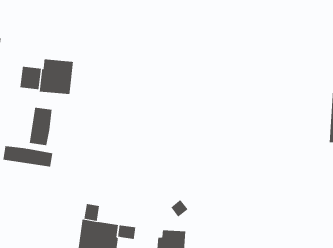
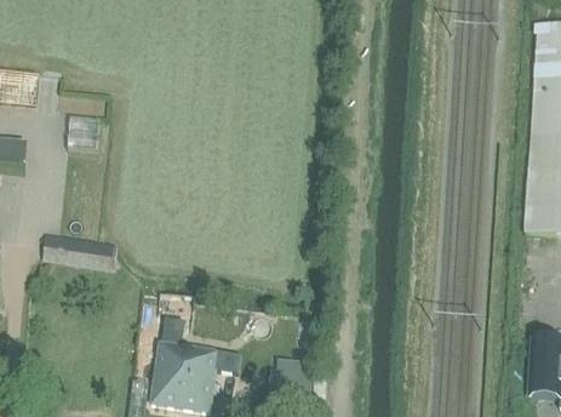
building: [39,59,74,95] -> none
building: [29,107,52,146] -> none

